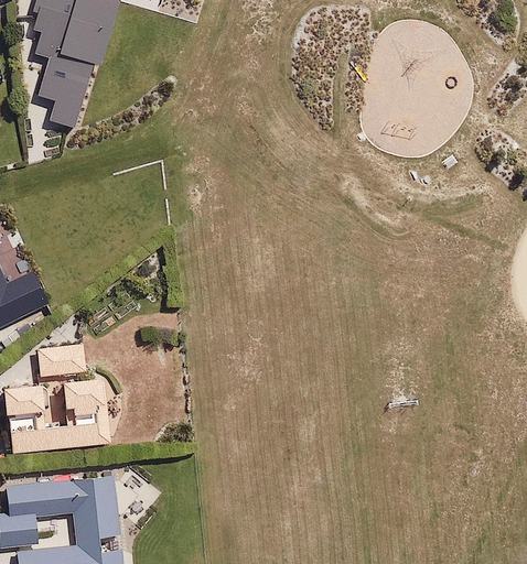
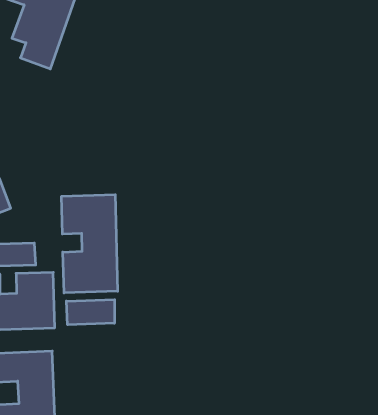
building: none -> [62,195,118,293]
building: none -> [66,300,115,325]

